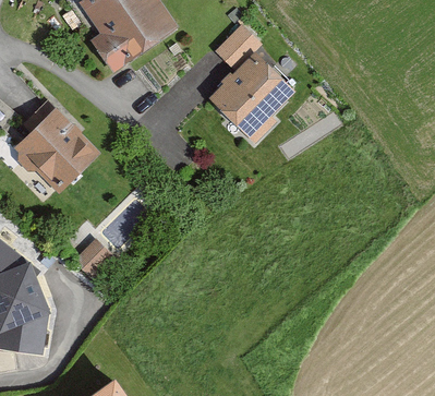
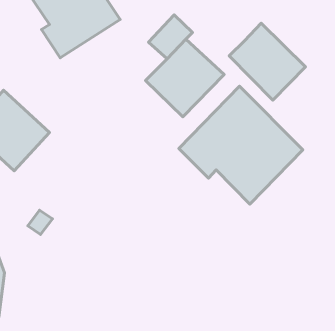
building: none -> [229,23,306,100]
building: none -> [179,86,303,204]

